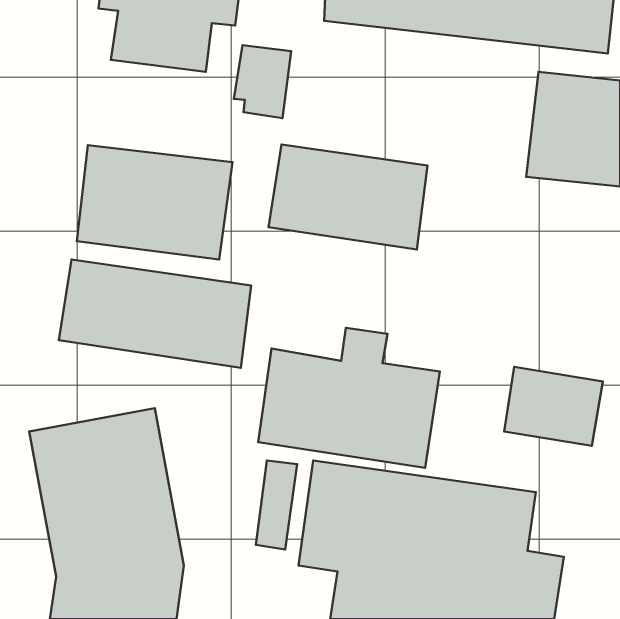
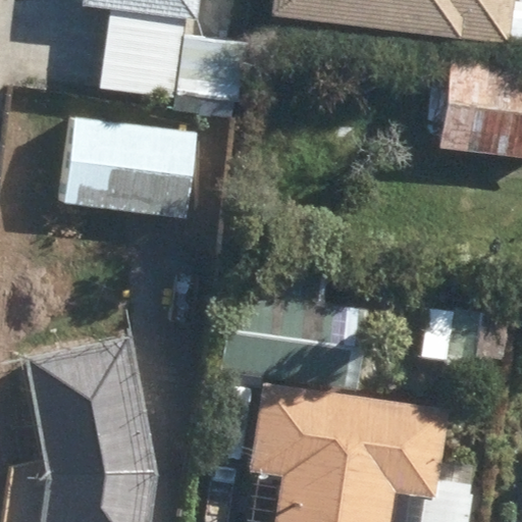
building: [269,145,428,250] -> none
building: [59,260,251,368] -> none

